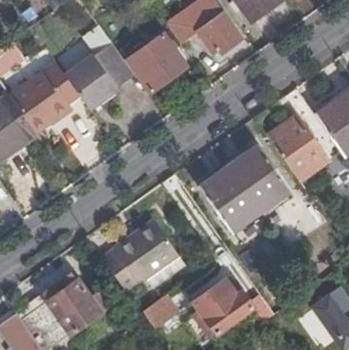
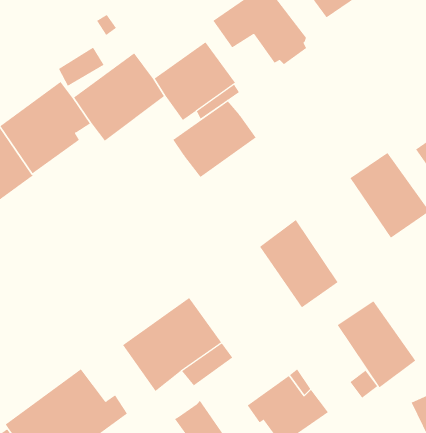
building: none -> [172,100,256,178]
building: [229,147,287,211] -> [337,300,416,388]

